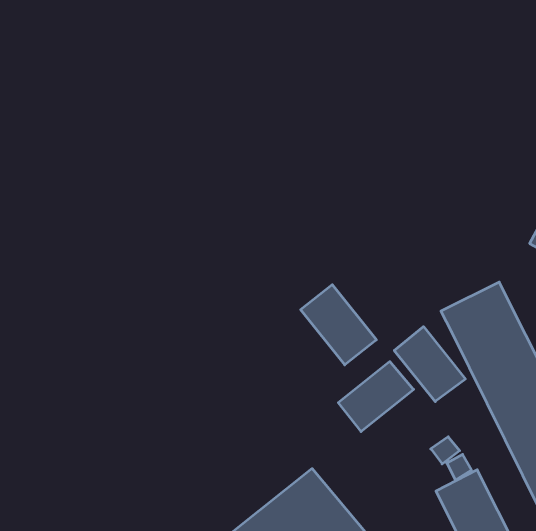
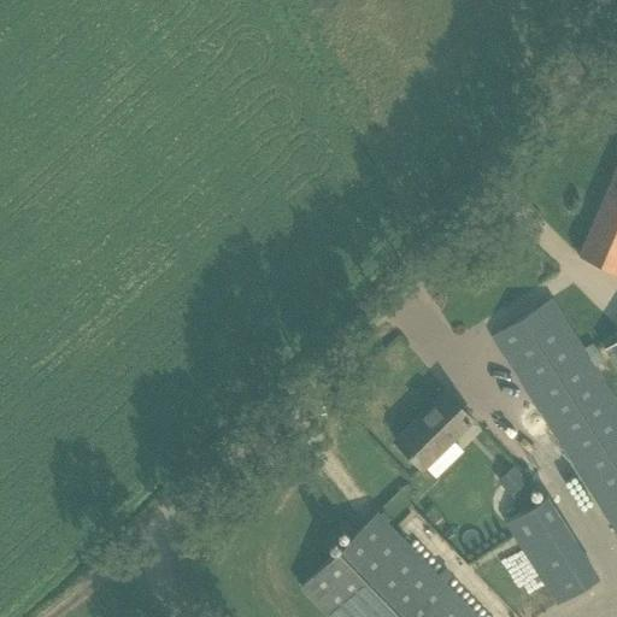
building: [301,285,376,365] -> none
building: [394,327,465,402] -> none

